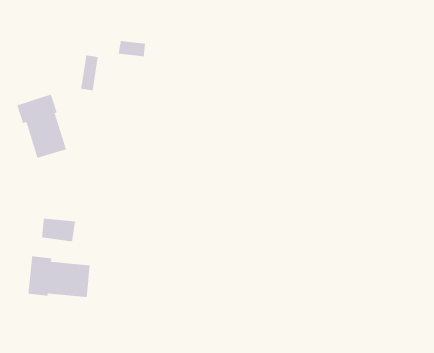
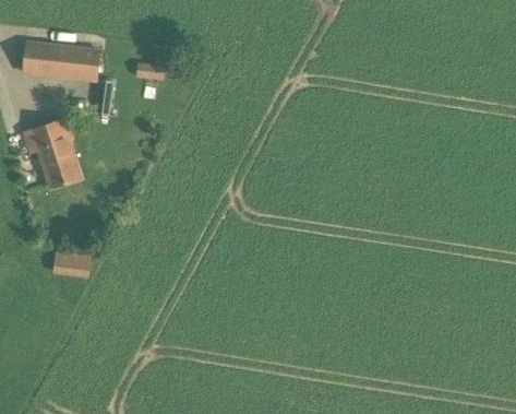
building: none -> [23,43,98,81]
building: [28,255,90,298] -> none

